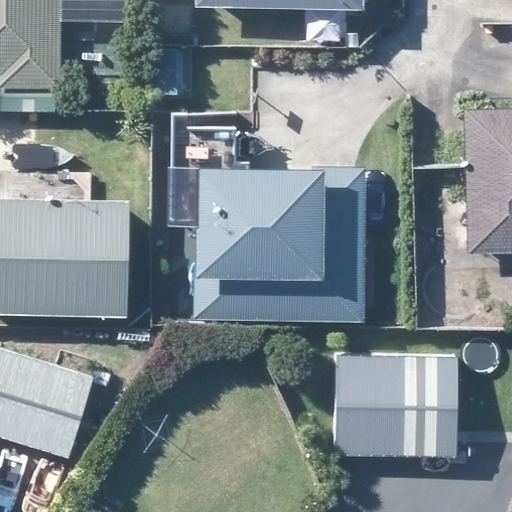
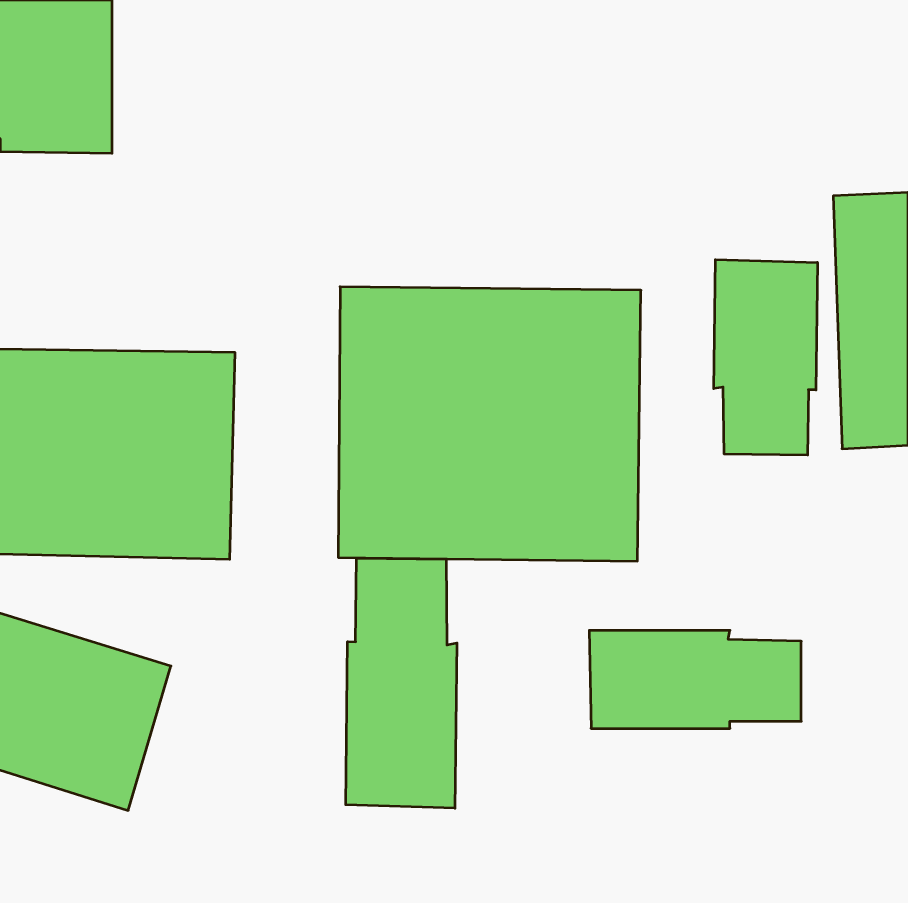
building: none -> [714,260,817,455]
building: none -> [346,558,457,808]

